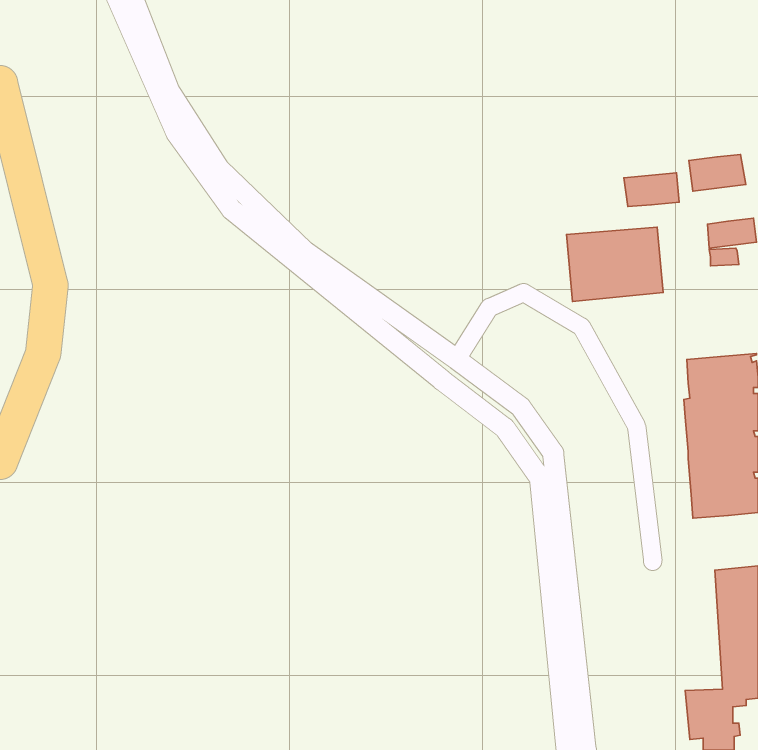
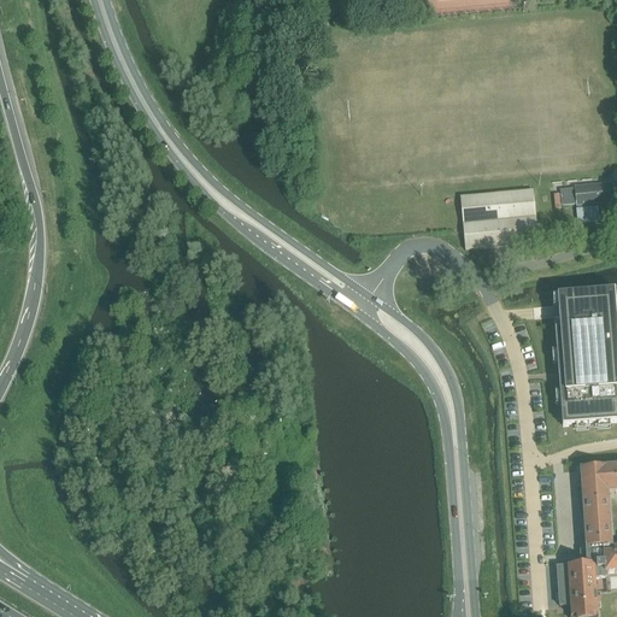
building: [689,154,746,191] -> none
building: [624,173,679,207] -> none

